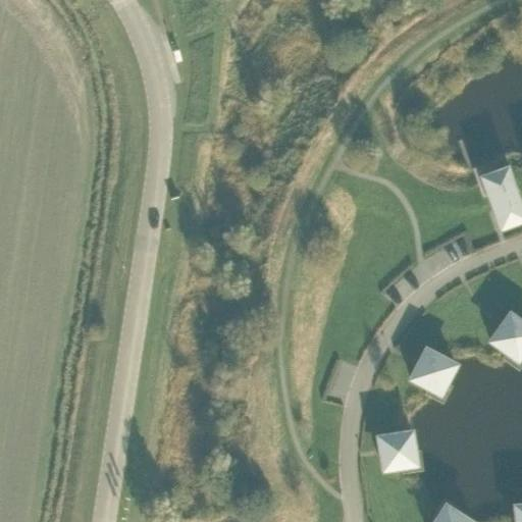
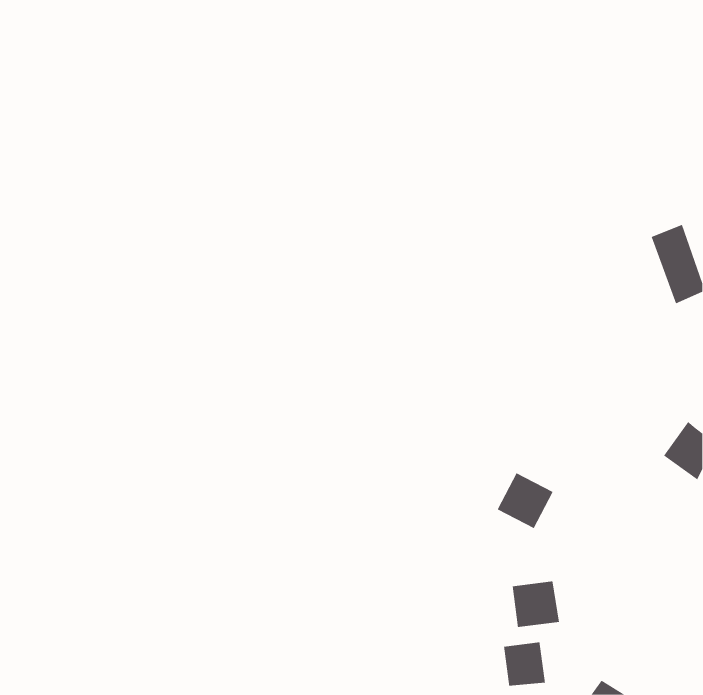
building: [412,348,454,389] -> [497,472,553,529]
building: none -> [504,641,545,687]

